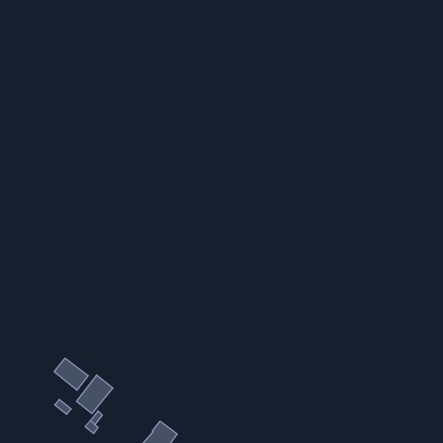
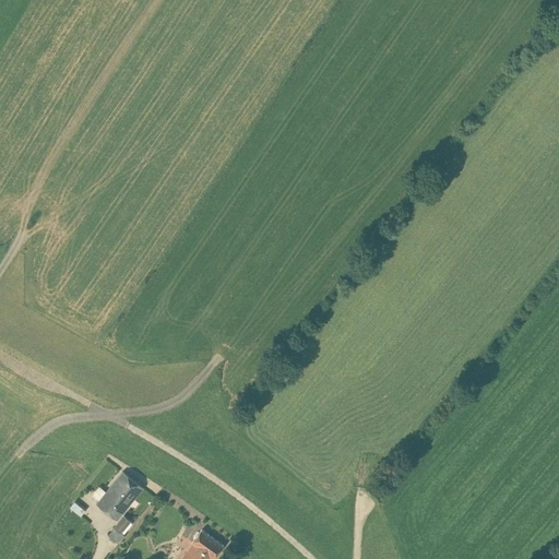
building: [54,358,88,390] -> none

